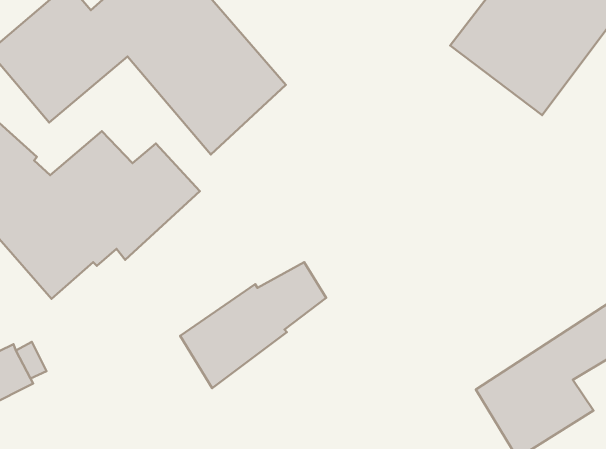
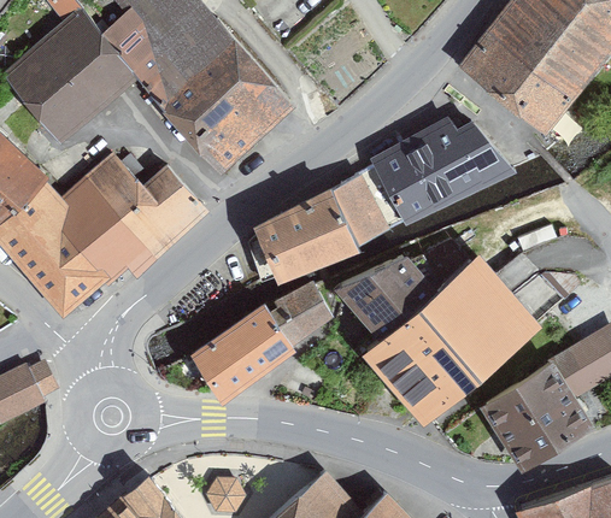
building: none -> [254,117,512,286]
building: none -> [331,251,560,426]

